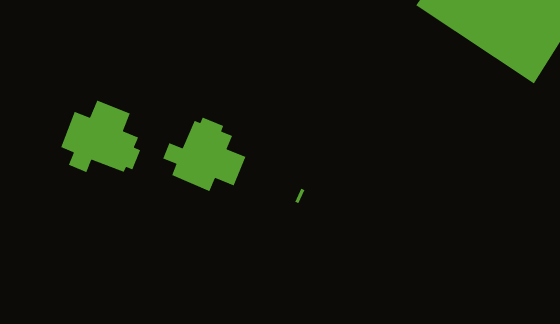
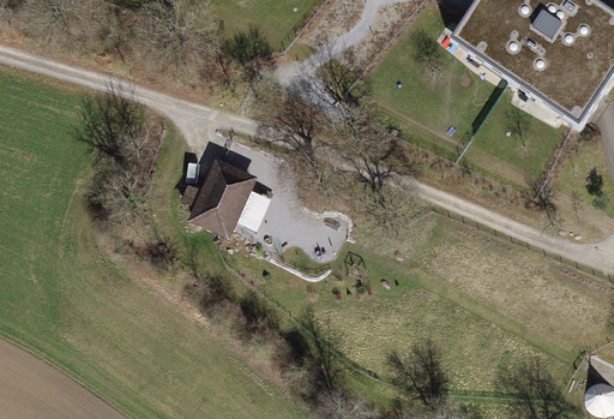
building: [60,99,141,173] -> none

